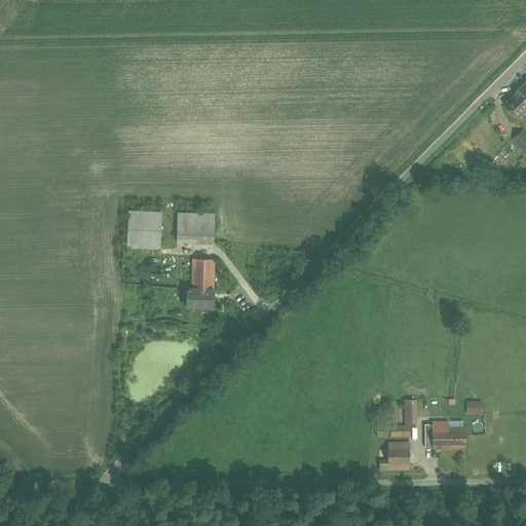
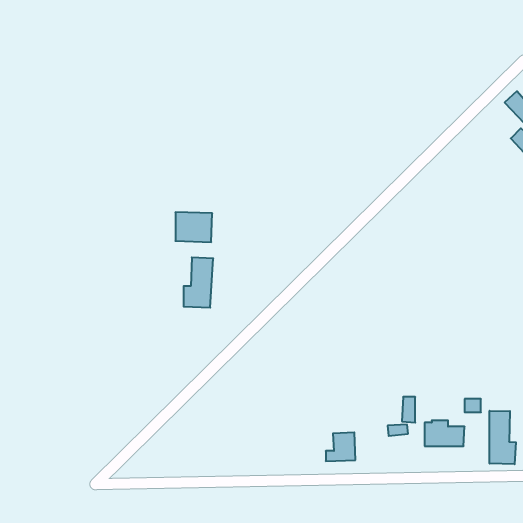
building: [127,210,161,248] -> none
building: none -> [490,411,516,464]
building: [381,441,411,469] -> [326,432,355,461]

